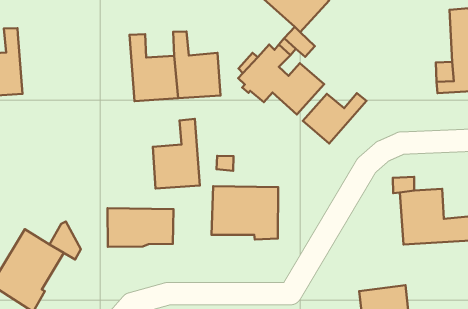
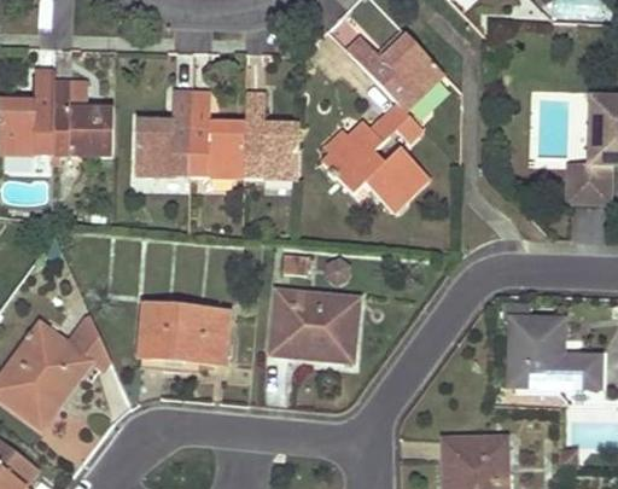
building: none -> [52,80,115,156]
building: [303,93,366,143] -> none
building: [153,119,200,188] -> [135,93,192,176]

